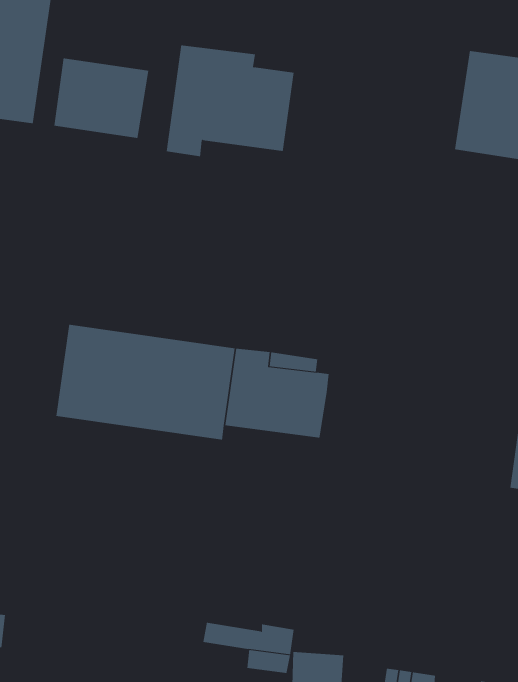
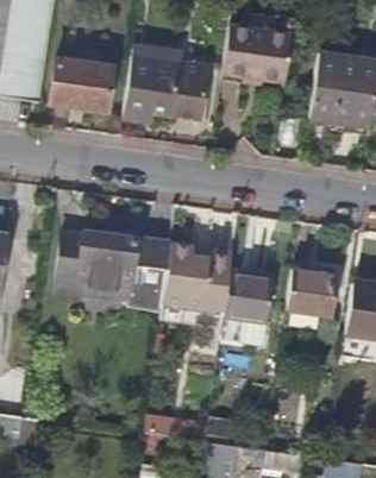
building: none -> [223,24,292,81]
building: none -> [288,266,341,314]
building: none -> [224,272,271,346]

